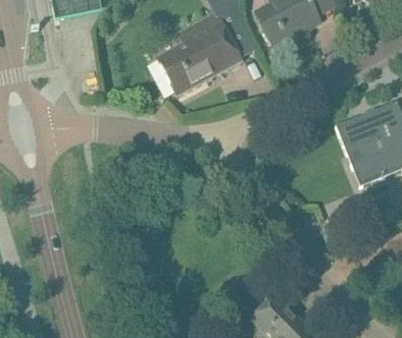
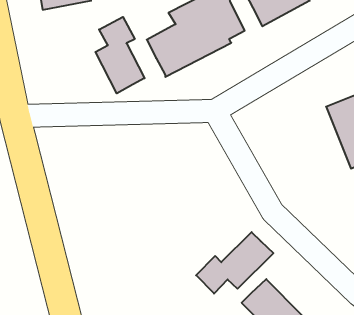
building: none -> [95,17,145,93]
building: none -> [196,232,273,294]

